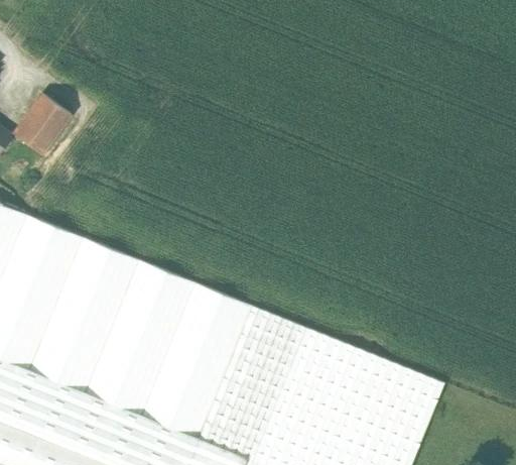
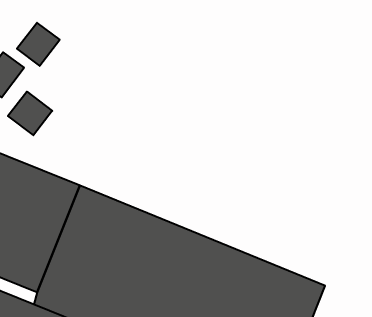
building: none -> [17,23,60,66]
building: none -> [8,92,52,135]

